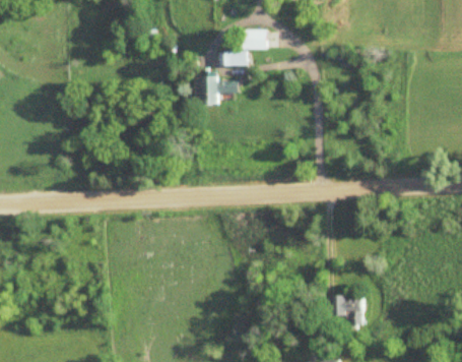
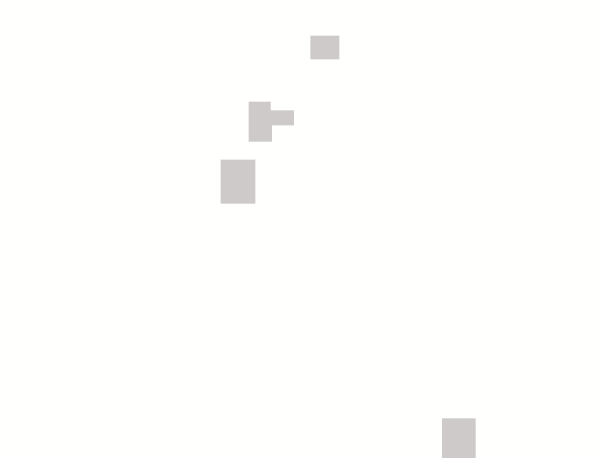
building: [219,51,248,66] -> none
building: none -> [220,159,256,205]

